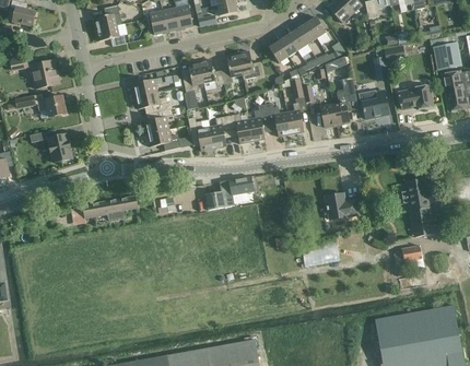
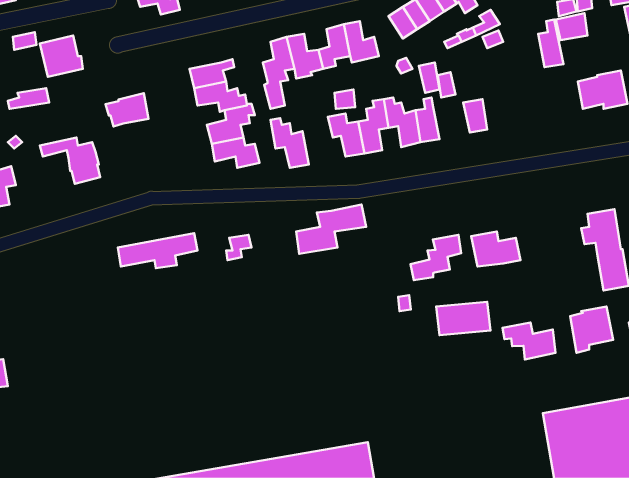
building: [333,78,356,125] -> none
building: [362,90,389,119] -> none
building: [36,95,66,118] -> [106,93,149,127]
building: [210,116,231,149] -> none
building: none -> [411,235,461,280]
building: none -> [502,323,556,359]

